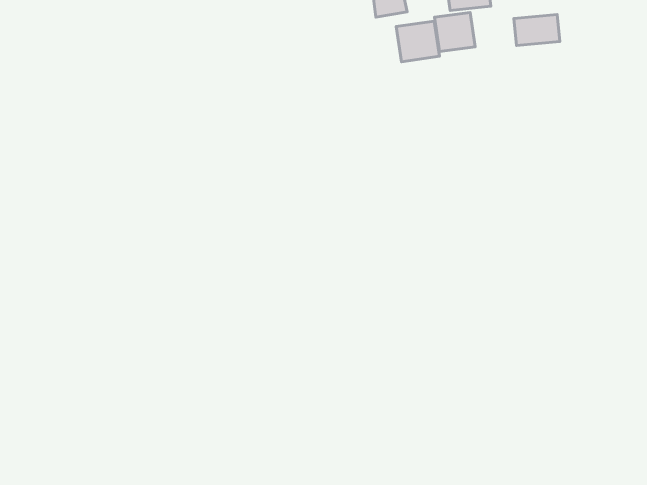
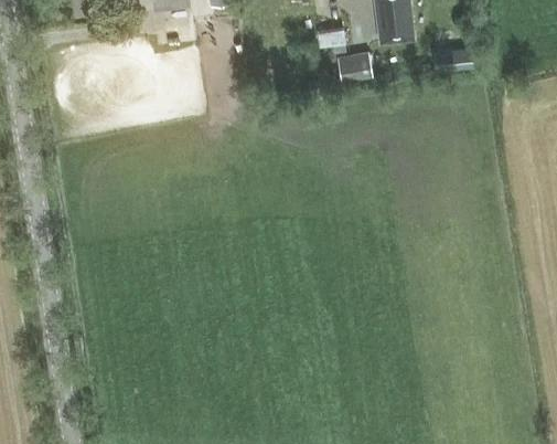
building: [435,13,475,52] -> none

